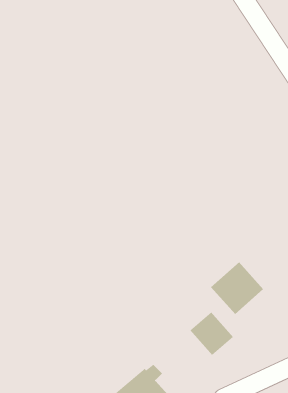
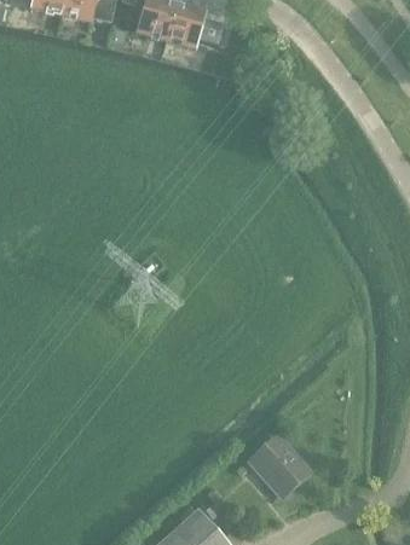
building: [210,262,264,315] -> none

